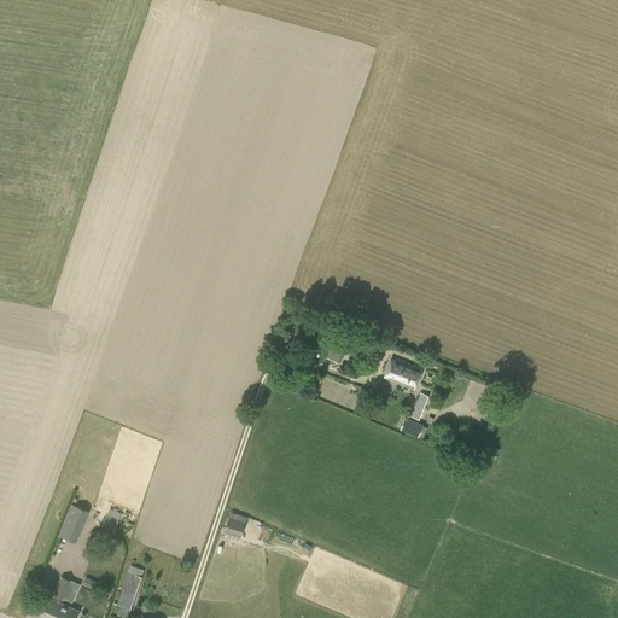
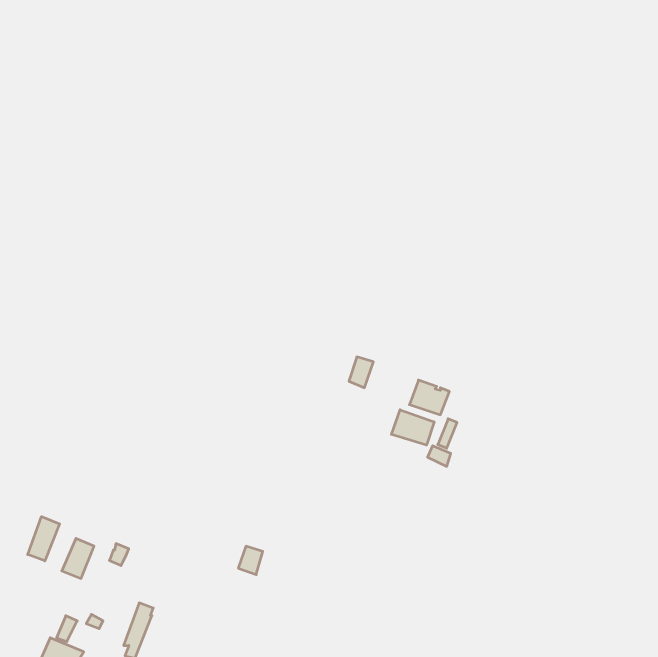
building: none -> [391,410,434,445]
building: none -> [28,517,60,561]

